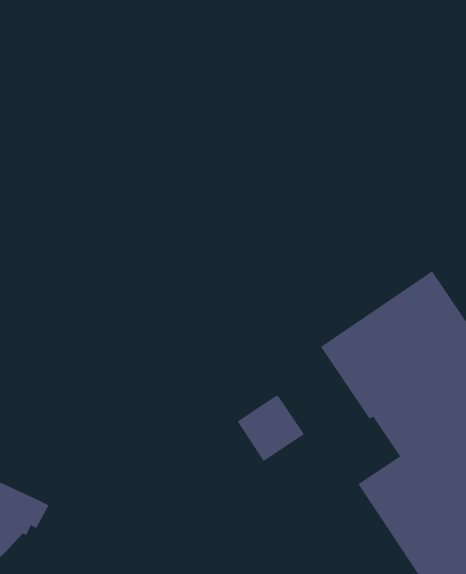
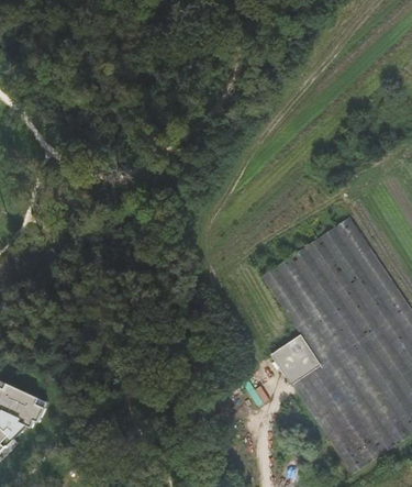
building: [237,395,305,462] -> [269,333,323,386]

